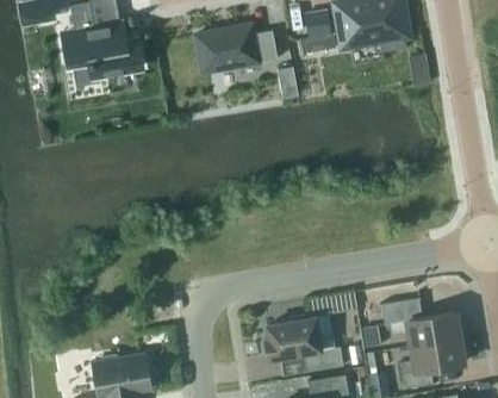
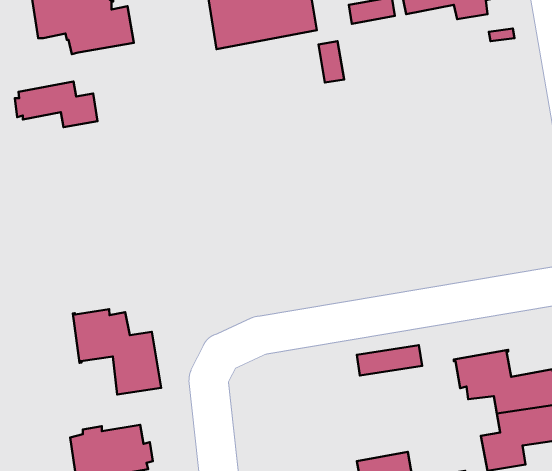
building: none -> [15,82,98,127]
building: none -> [73,309,161,394]
building: [263,315,342,373] -> none

